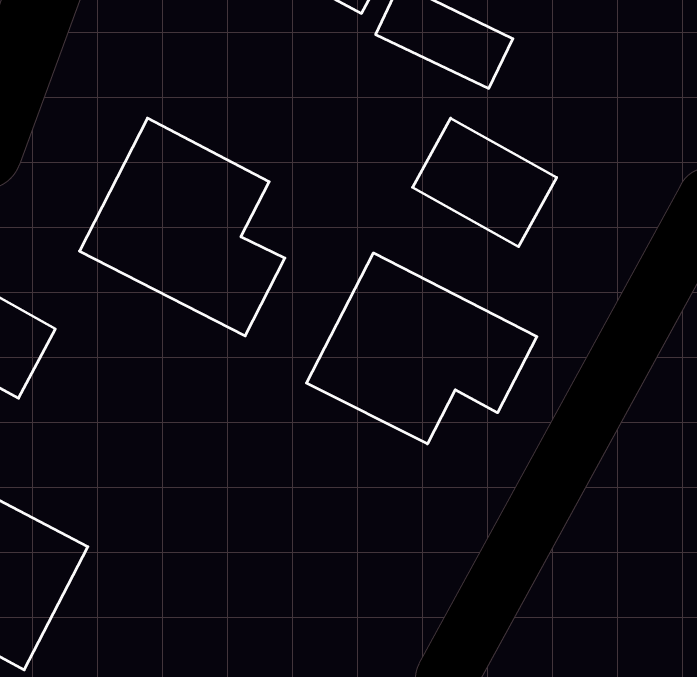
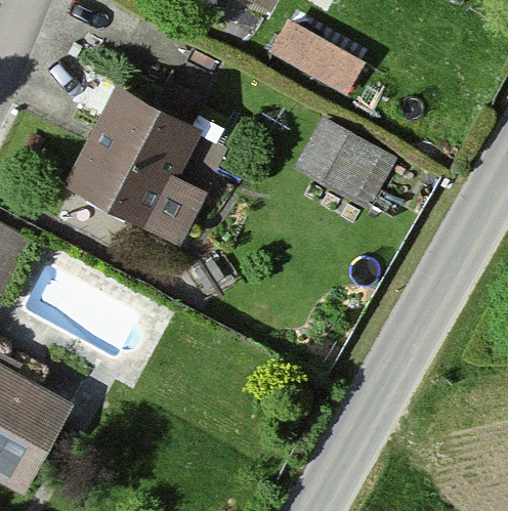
building: [306,253,537,444] -> none

